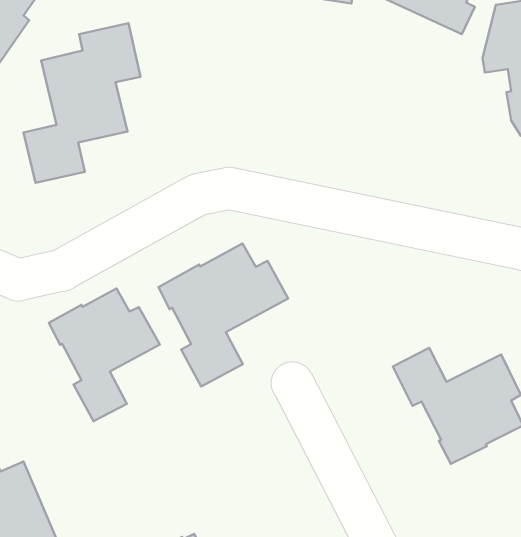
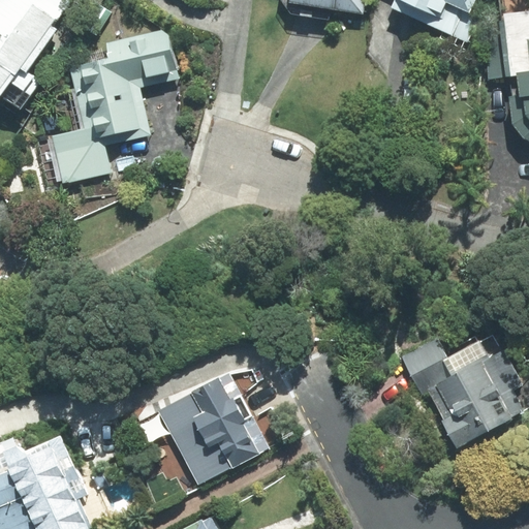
building: [158,244,288,386] -> none
building: [49,289,160,421] -> none
building: none -> [160,372,271,485]

